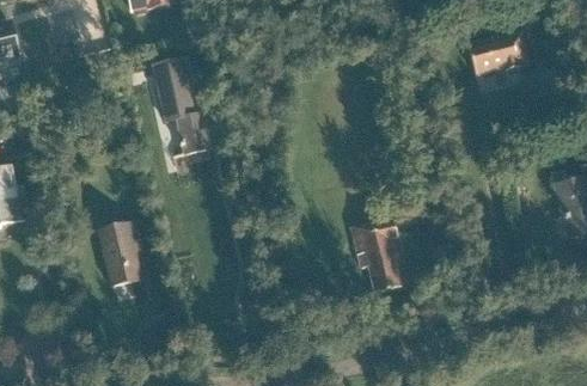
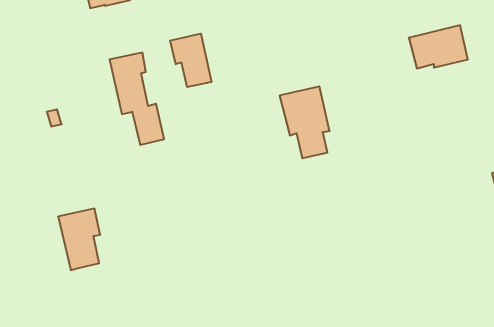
building: none -> [170,34,211,87]
building: [350,216,403,292] -> [280,86,330,158]

